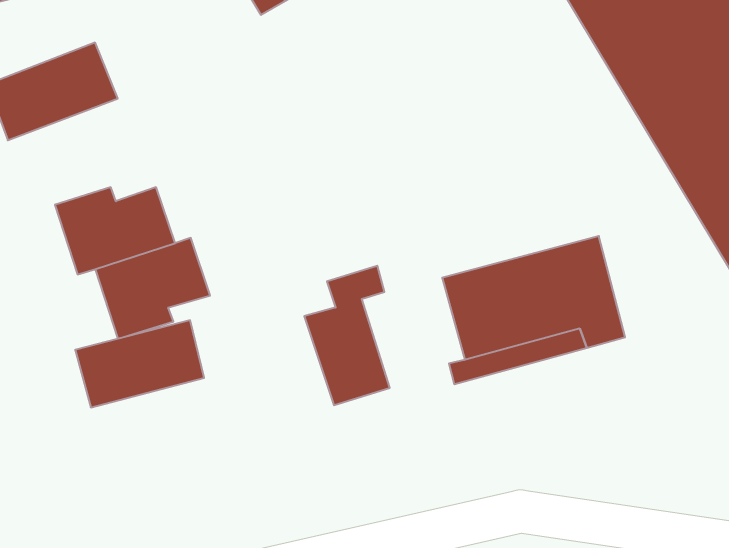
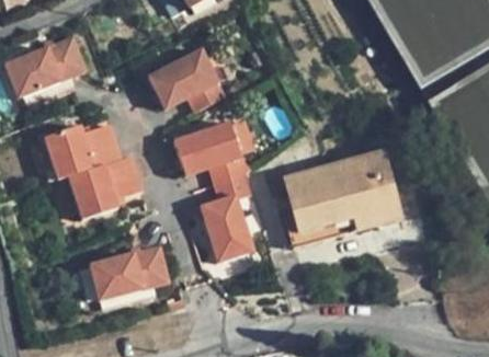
building: none -> [148,46,226,111]
building: none -> [174,122,247,183]
building: [75,320,204,407] -> [87,245,168,300]

